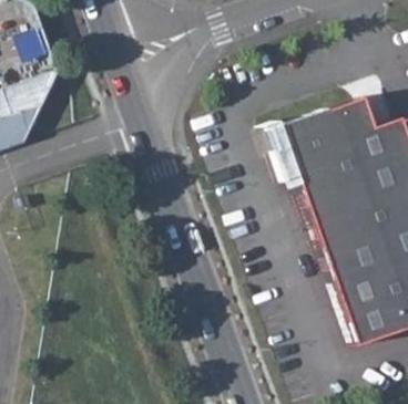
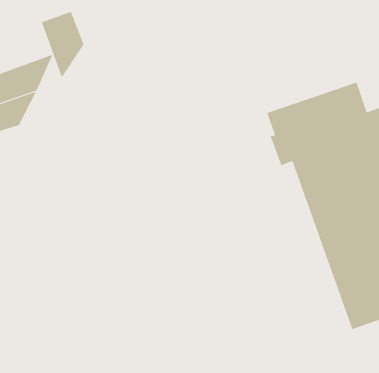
building: none -> [41,11,84,78]

